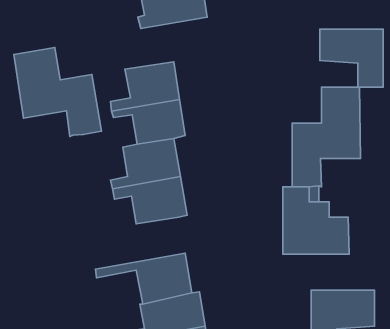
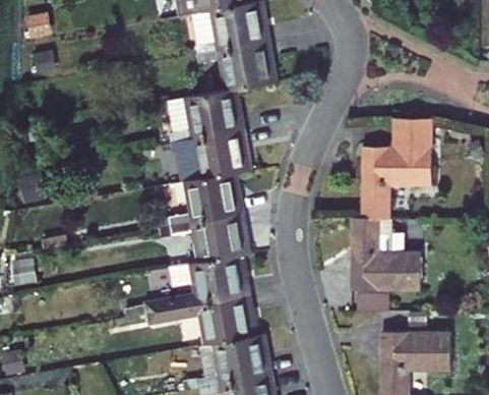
building: none -> [198,40,276,90]
building: [320,29,383,87] -> none
building: [14,48,101,137] -> none
building: none -> [146,255,246,311]

